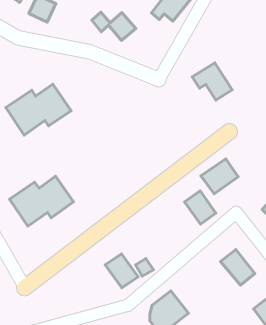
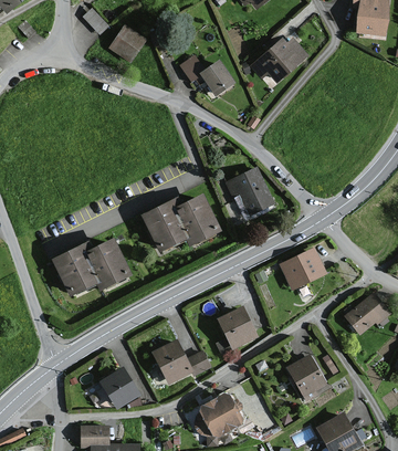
building: [192,63,232,100] -> [227,169,271,212]
building: [6,84,71,135] -> [143,196,218,250]
building: [185,191,216,224] -> [220,307,254,346]
building: none -> [100,367,138,408]

